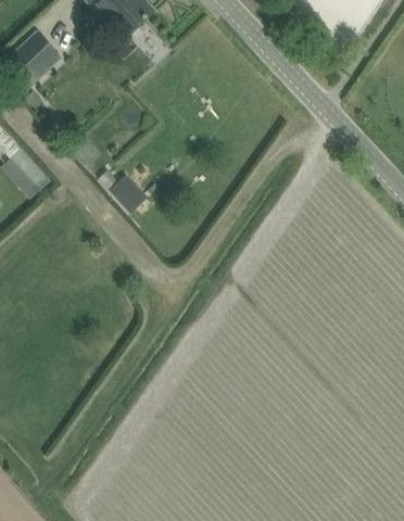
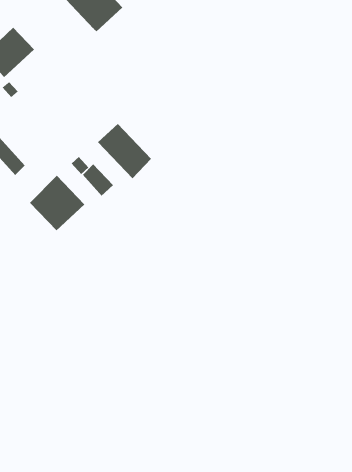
building: none -> [97,123,152,179]
building: none -> [29,175,85,231]

